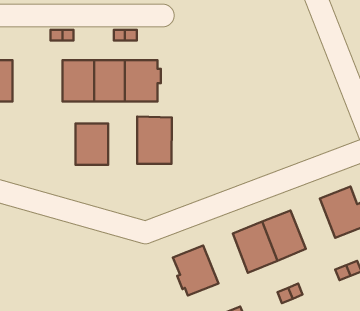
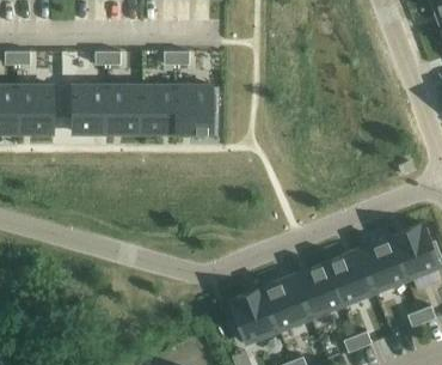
building: [137,116,172,164] -> none
building: [75,123,108,165] -> [72,86,108,132]
building: none -> [357,238,406,293]
building: none -> [262,276,311,331]

